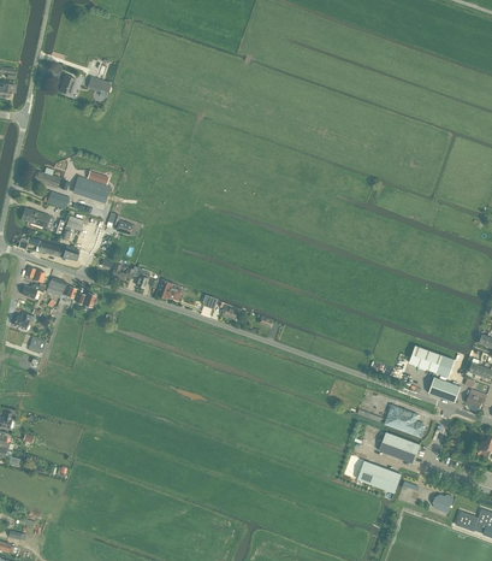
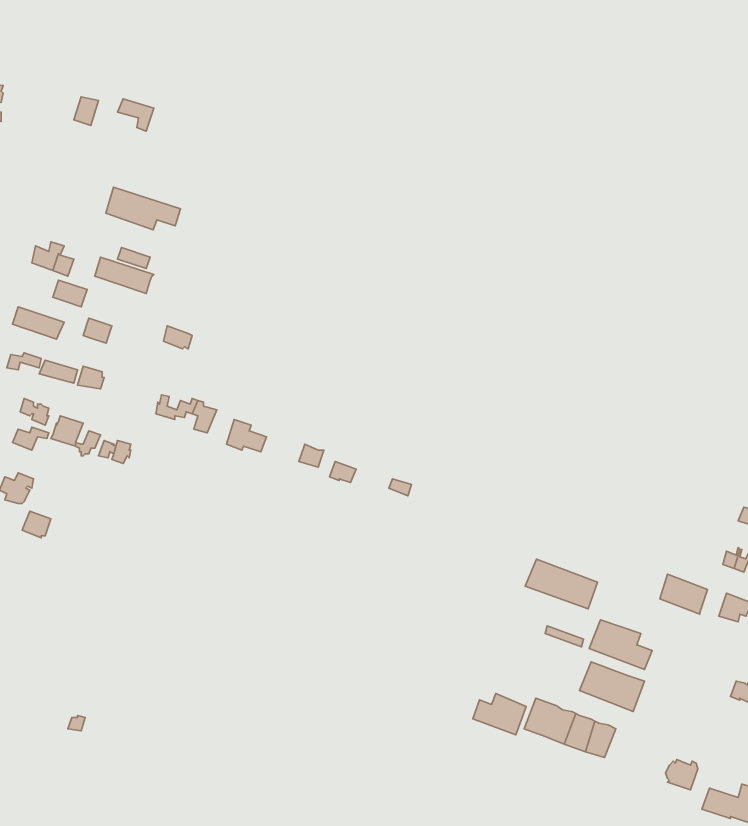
building: none -> [106,187,180,230]
building: [408,344,454,376] -> [525,559,598,609]
building: none -> [473,693,526,735]

